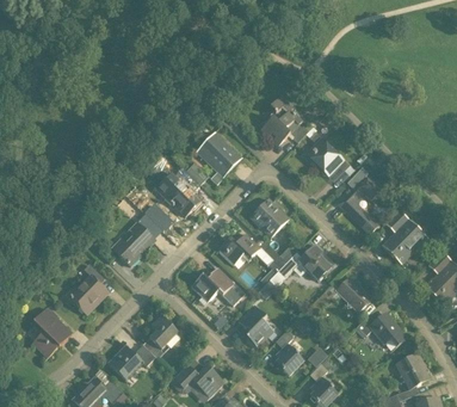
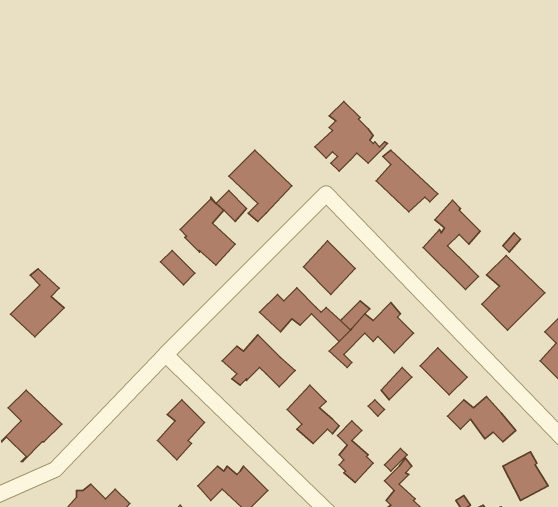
building: [111,222,155,265] -> none
building: [68,264,107,314] -> [11,269,64,337]
building: [106,345,154,381] -> none

